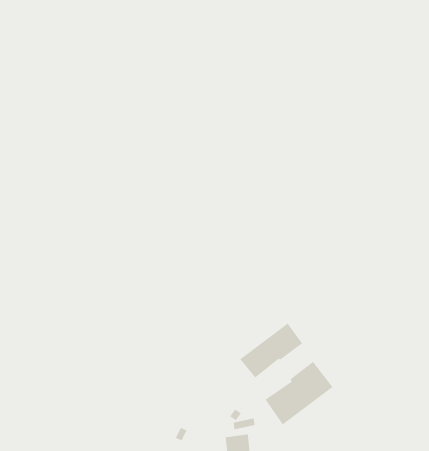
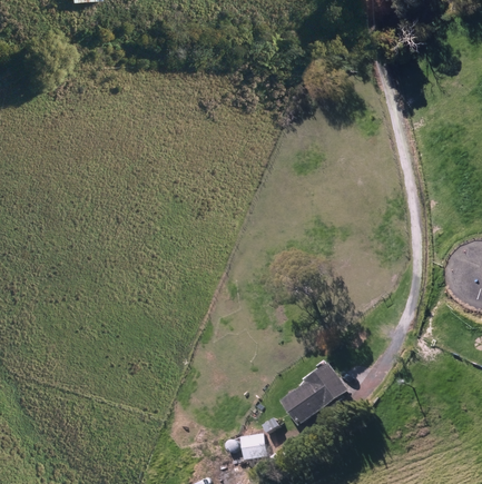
building: [239,323,303,378] -> none

